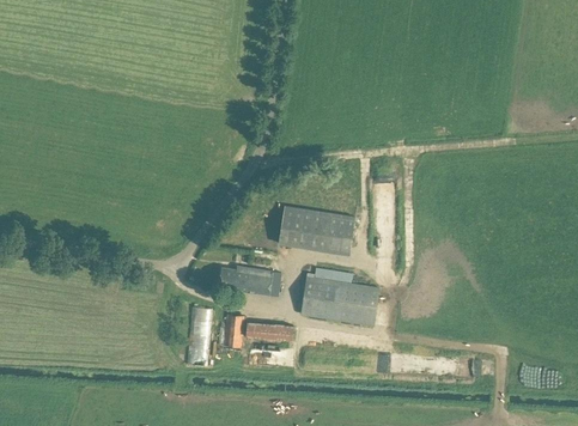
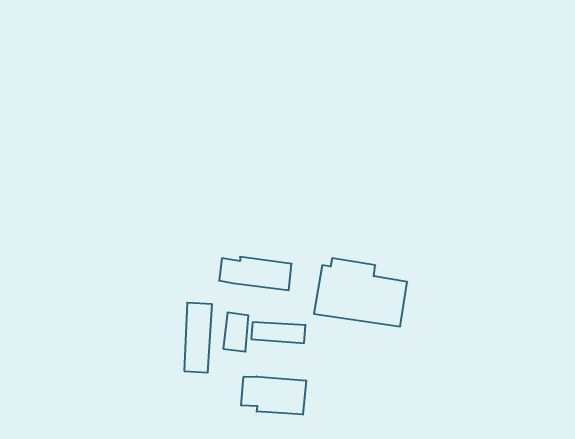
building: [279,206,354,254] -> none
building: none -> [241,376,306,415]

